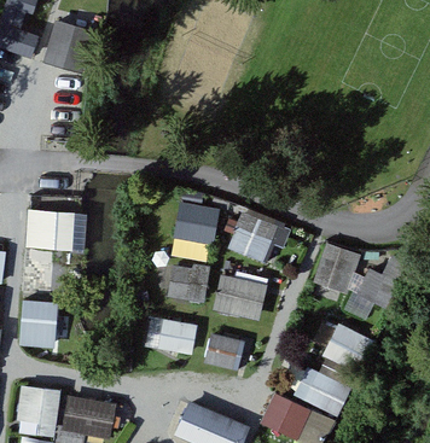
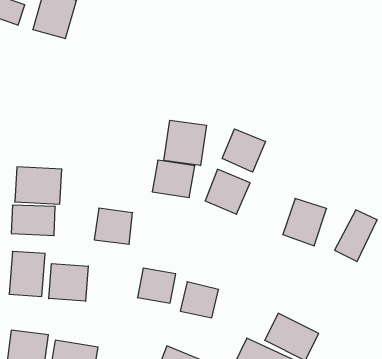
building: none -> [164,120,206,166]
building: none -> [222,129,266,172]
building: [168,264,209,303] -> [94,208,133,244]
building: [213,274,268,319] -> none
building: none -> [49,264,88,301]
building: [322,323,376,373] -> none

